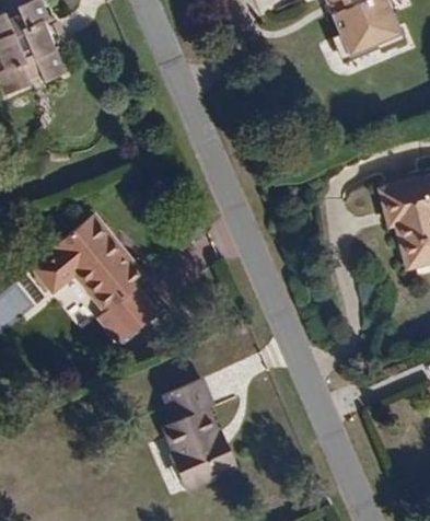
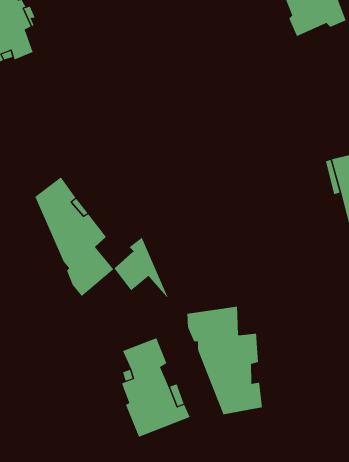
building: [35,229,96,299] -> [114,237,171,302]
building: none -> [187,306,263,415]

